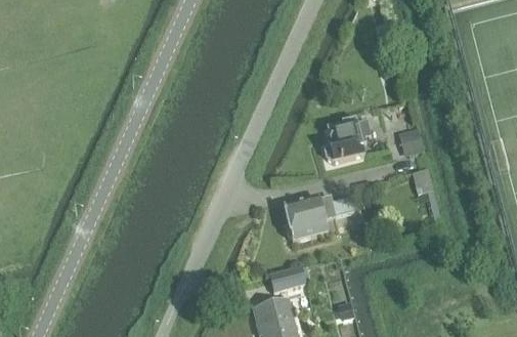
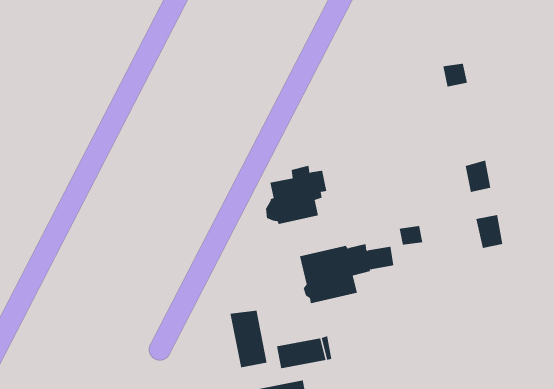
building: [325,116,370,161] -> [265,165,327,224]
building: none -> [230,310,267,368]

